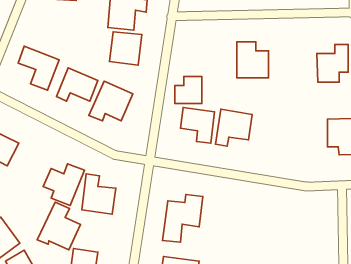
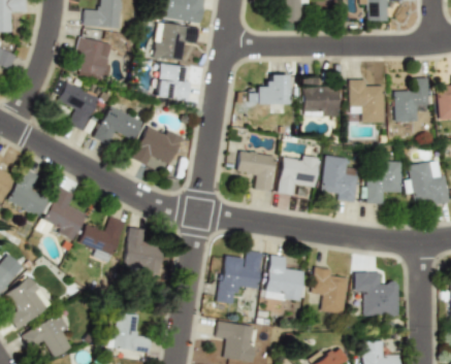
building: none -> [73,37,112,80]
building: none -> [350,80,385,122]
building: [175,77,202,104] -> [257,75,288,106]
building: none -> [322,156,360,203]
building: none -> [363,162,402,204]
building: none -> [265,256,305,302]
building: [37,202,80,250] -> [37,187,87,241]
building: none -> [312,268,346,313]
building: none -> [357,273,399,317]

